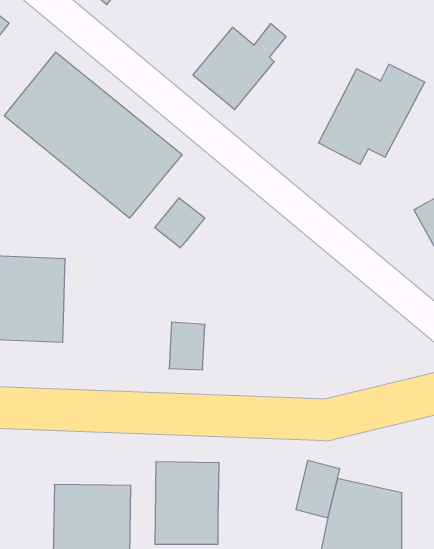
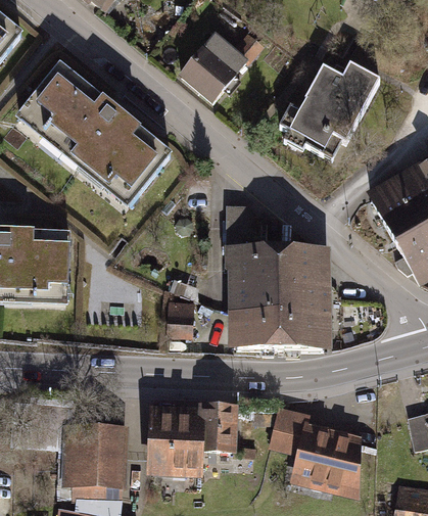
building: [155,198,205,248] -> none
building: none -> [224,205,321,347]
building: none -> [202,405,238,456]

